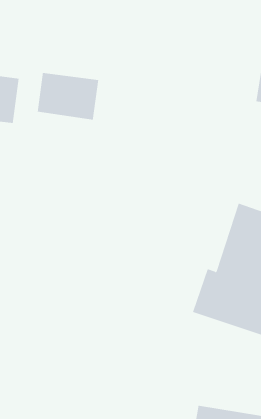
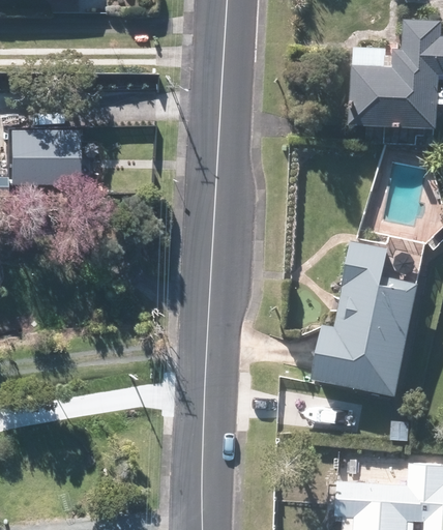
building: [37,72,99,121] -> none

